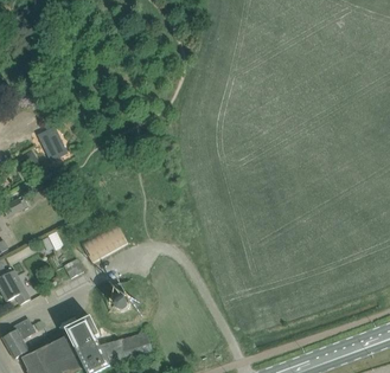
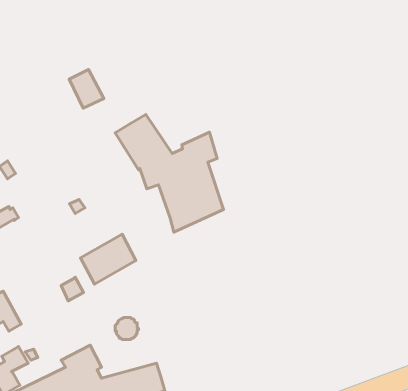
building: none -> [115,115,224,232]
building: [38,127,68,160] -> [69,70,104,108]

